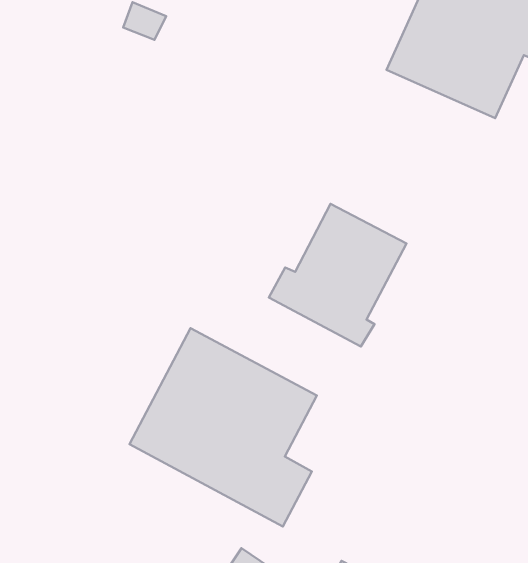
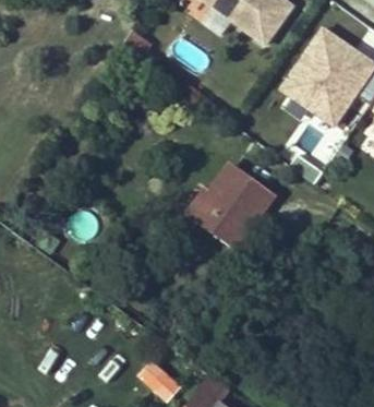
building: [129,328,317,527] -> none

